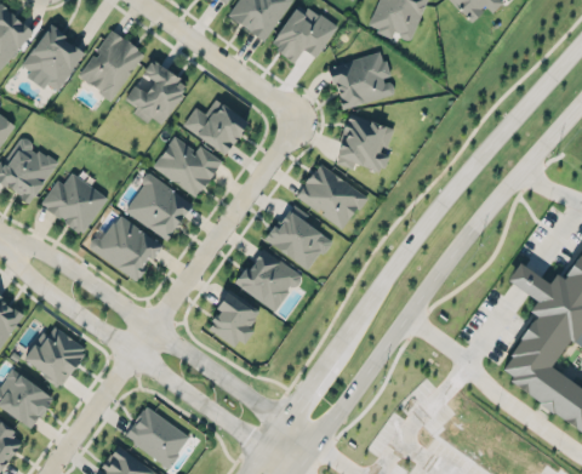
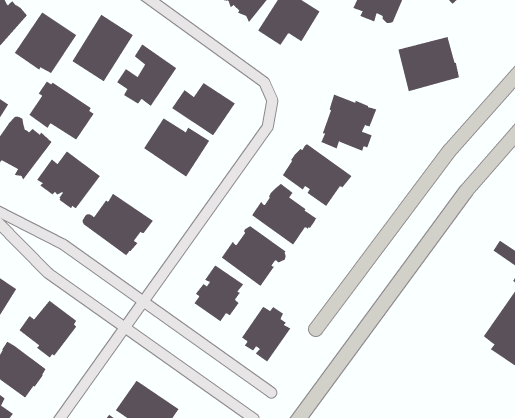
building: [330,53,394,110] -> [398,36,460,92]
building: none -> [29,80,94,140]
building: [125,172,192,241] -> none
building: none -> [241,306,291,363]

